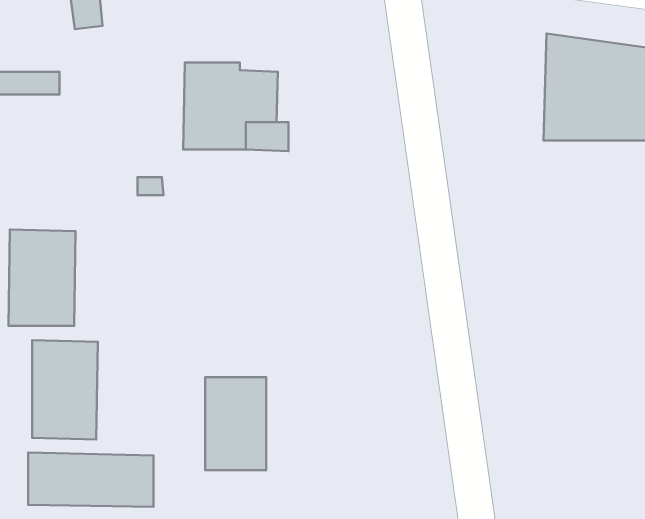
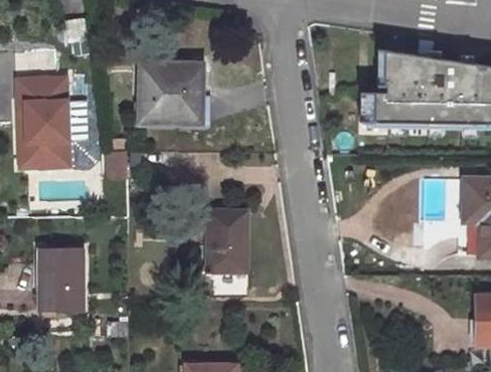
building: [8,230,76,326] -> [25,90,69,154]
building: [205,377,266,470] -> [207,210,248,271]
building: [28,452,154,507] -> none

